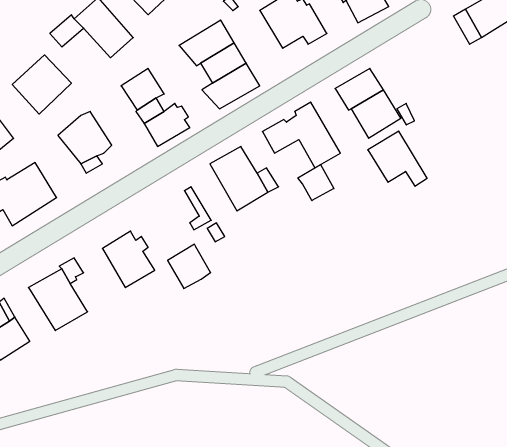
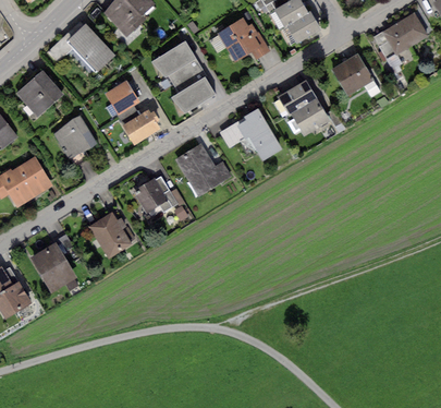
building: [368,131,427,186] -> [332,52,380,97]
building: [298,165,334,201] -> none
building: [168,244,211,289] -> [132,177,167,213]

